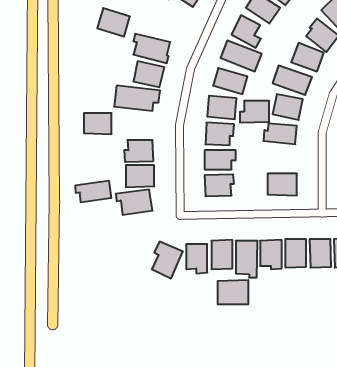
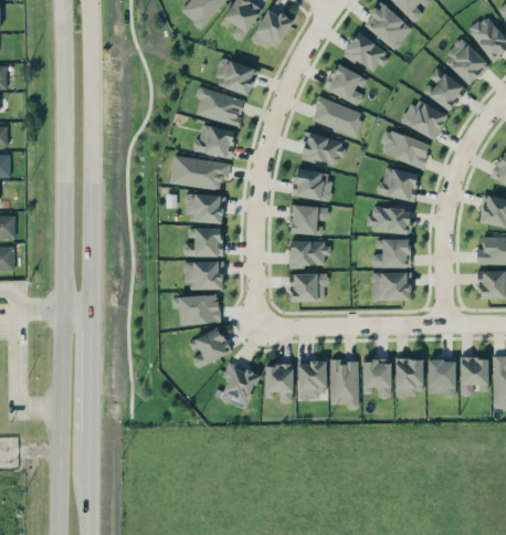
building: [97,8,130,37] -> [214,59,257,96]
building: [240,101,269,123] -> [371,239,410,267]
building: [84,113,112,134] -> [187,195,223,222]
building: [76,181,111,202] -> none
building: none -> [189,327,230,368]
building: [218,280,248,304] -> none

